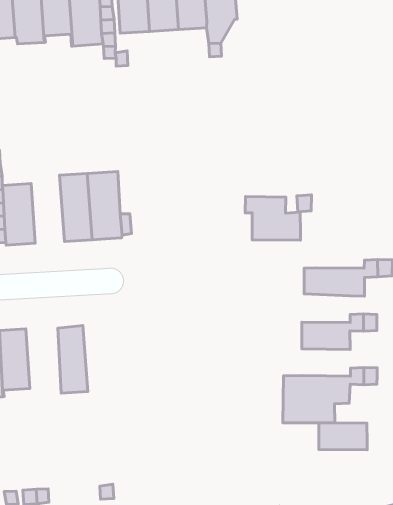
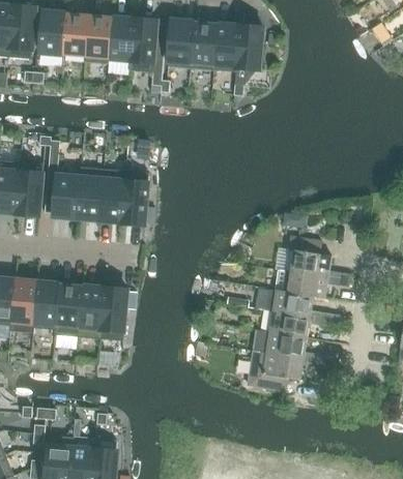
building: none -> [76,166,103,219]
building: [245,197,301,240] -> [288,236,330,276]
building: none -> [272,289,313,317]
building: none -> [98,287,127,340]
building: none -> [54,282,83,336]
building: [319,423,367,450] -> [266,331,307,358]

